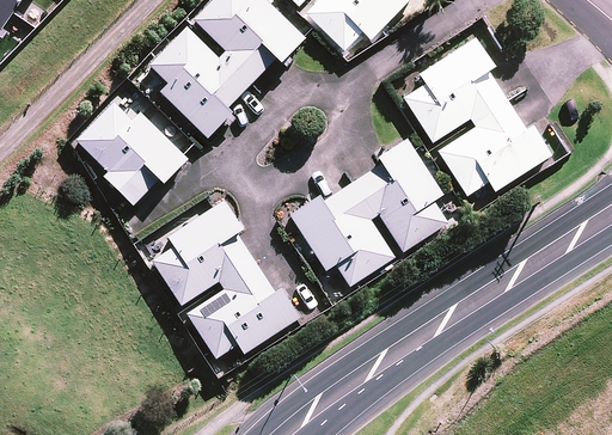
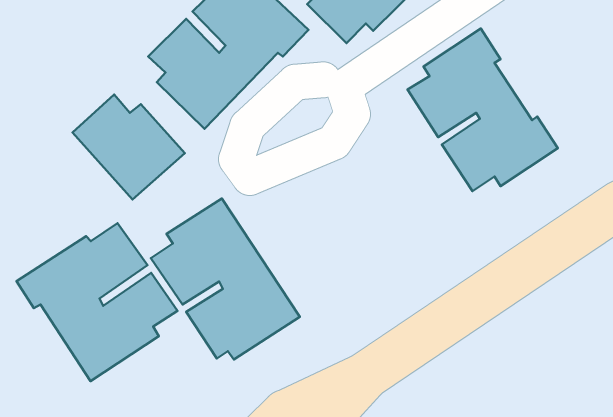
building: [288,136,447,286] -> none
building: none -> [16,223,177,381]

